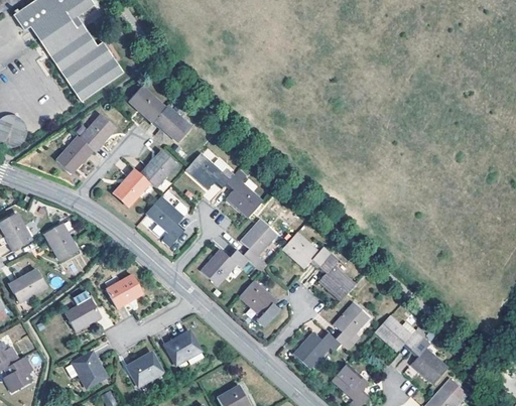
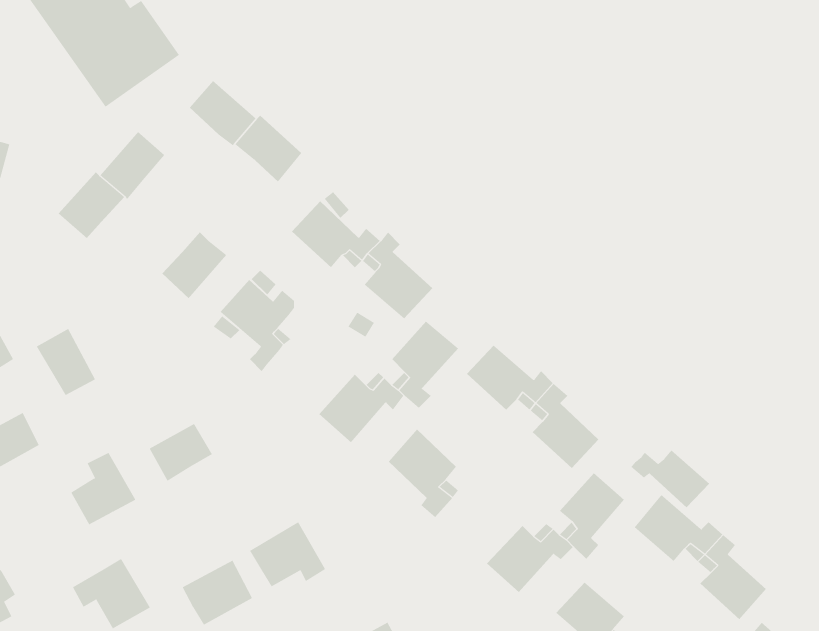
building: [140,150,177,187] -> none
building: none -> [630,449,710,508]

